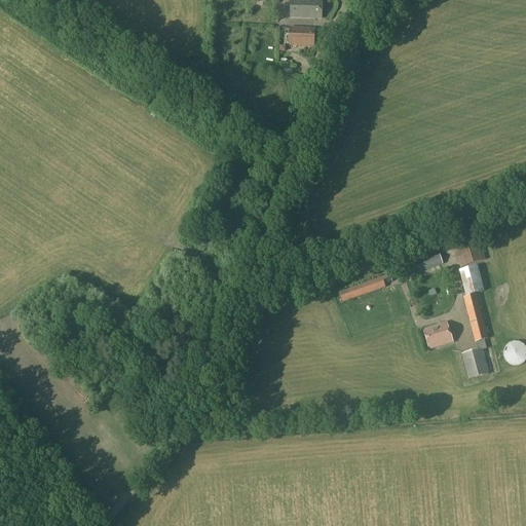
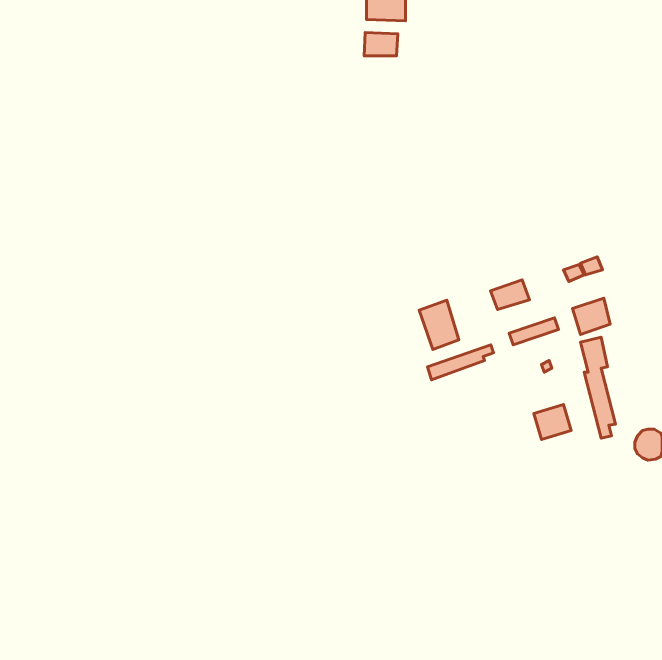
building: none -> [491,280,529,310]
building: none -> [419,300,459,349]
building: [463,347,488,376] -> none

